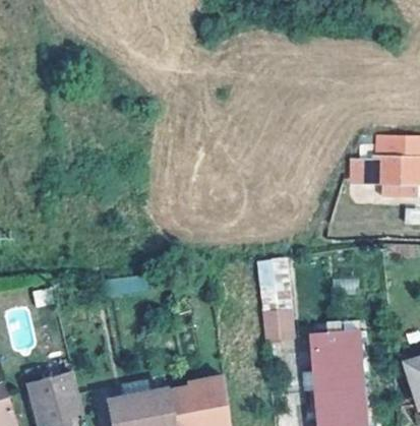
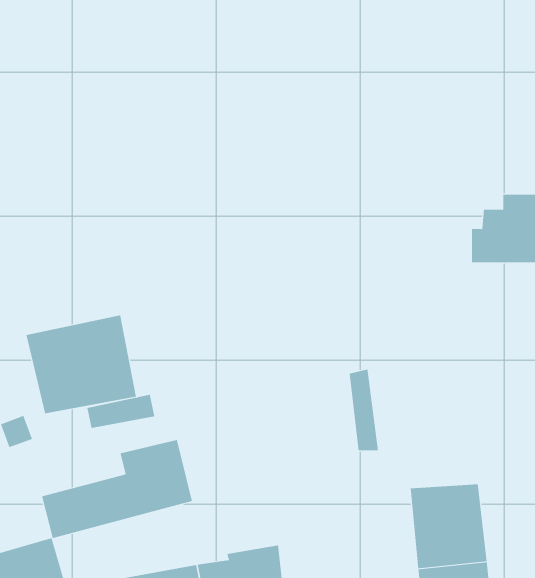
building: none -> [26,315,137,414]
building: [257,259,293,343] -> none
building: none -> [42,439,192,539]

